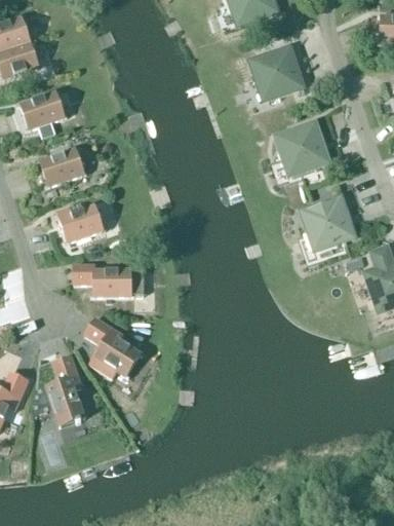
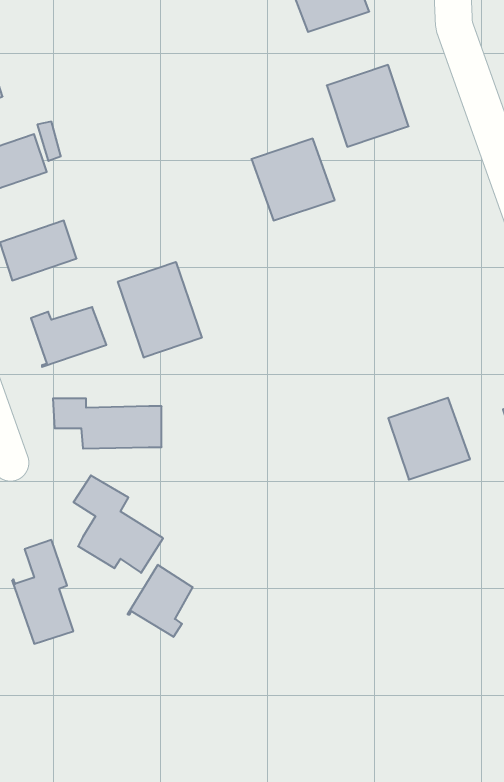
building: [274,120,328,174] -> [251,139,335,220]
building: none -> [118,262,202,358]
building: [301,195,354,249] -> [388,398,470,480]
building: none -> [128,565,193,637]

